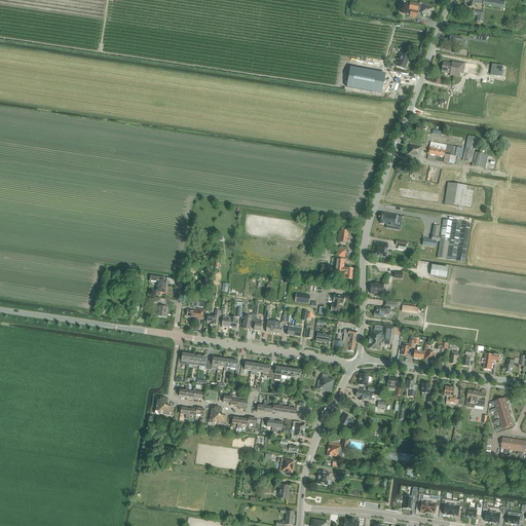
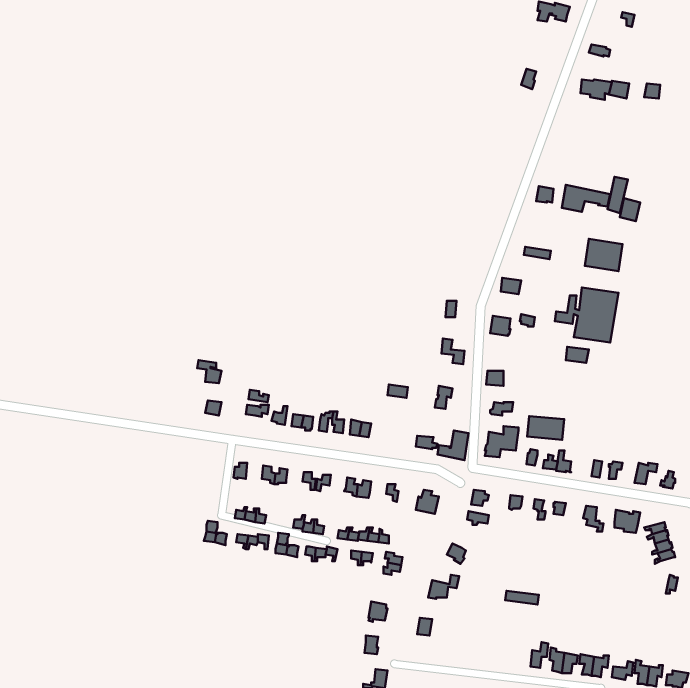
building: [347,68,385,92] -> none
building: none -> [527,416,564,440]

